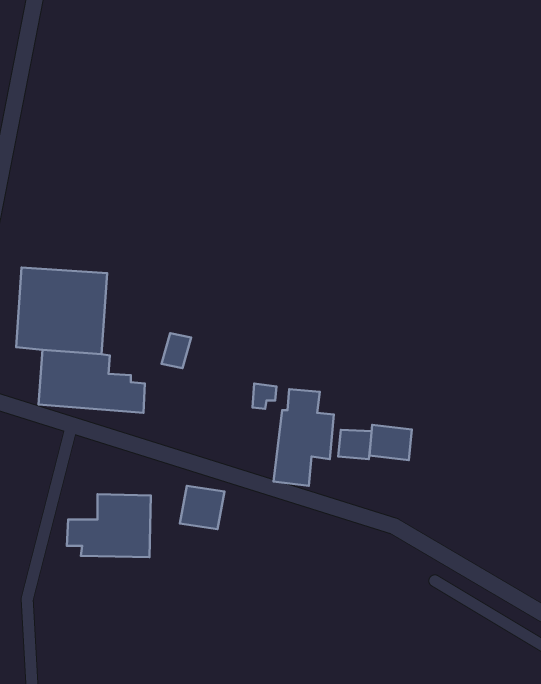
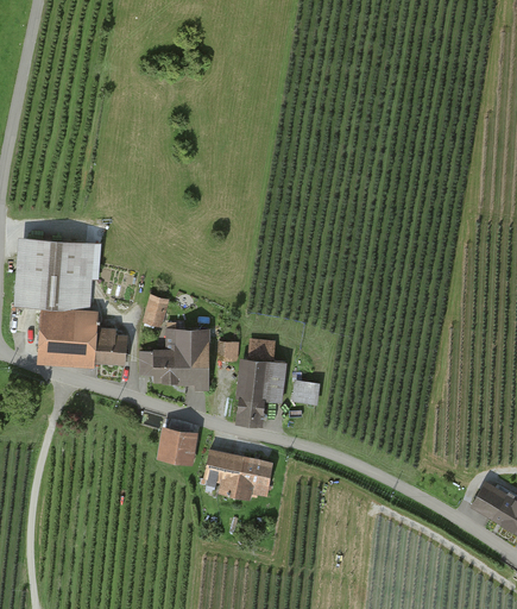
building: [369,425,412,460] -> none
building: [67,494,151,557] -> [141,331,213,384]
building: none -> [204,450,272,497]

